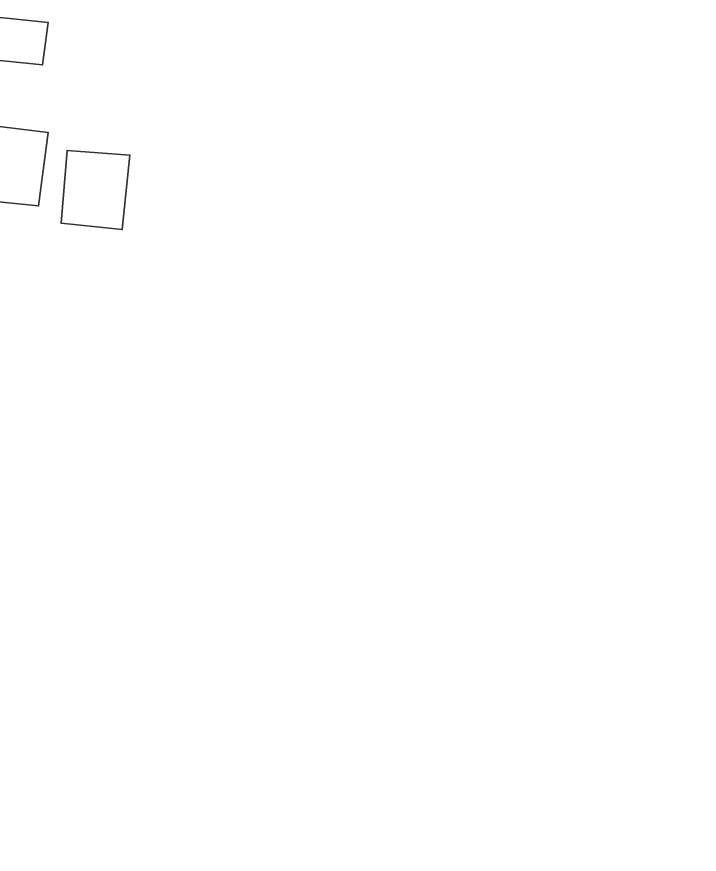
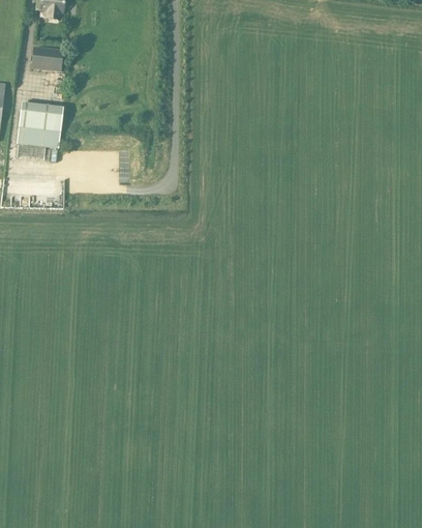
building: [61,150,130,229] -> none

